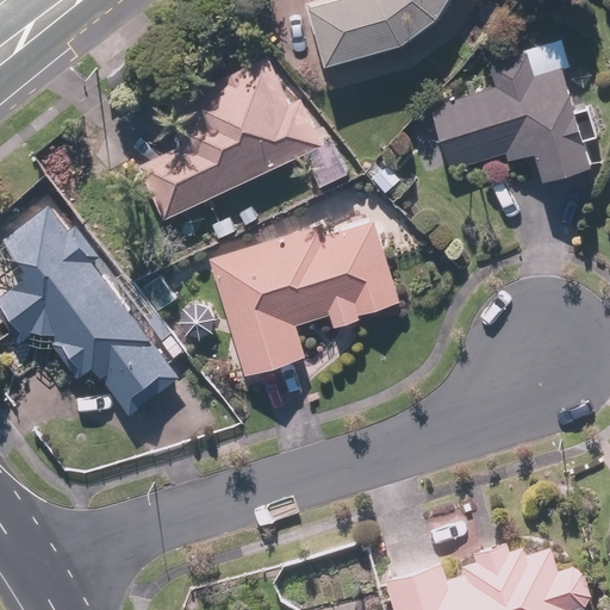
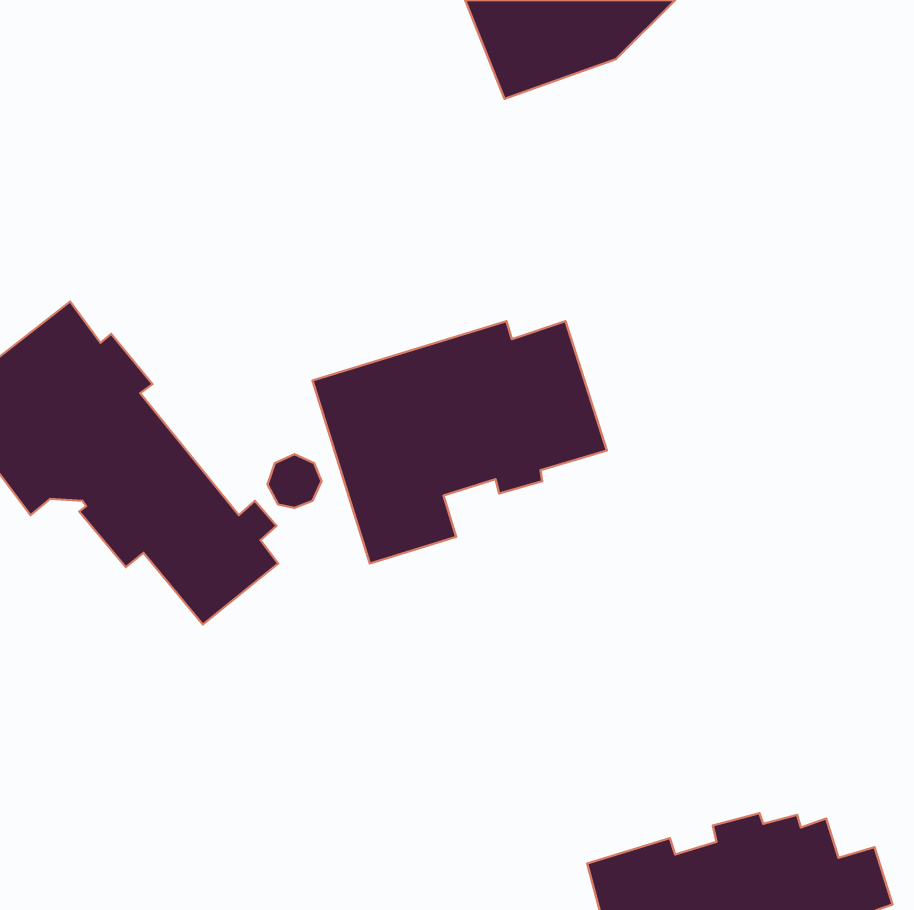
building: [431,39,602,181] -> none
building: [141,58,322,218] -> none

